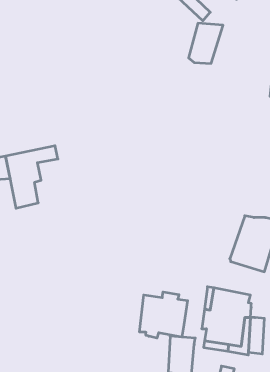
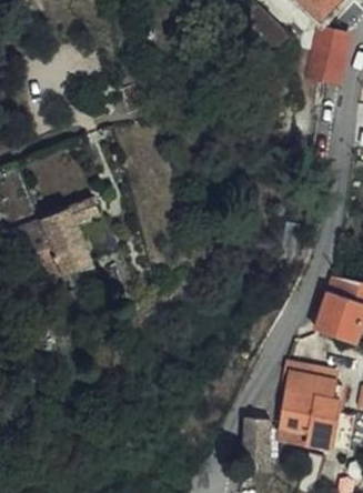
building: [189,23,223,63] -> [310,32,351,80]
building: [140,292,188,338] -> none

